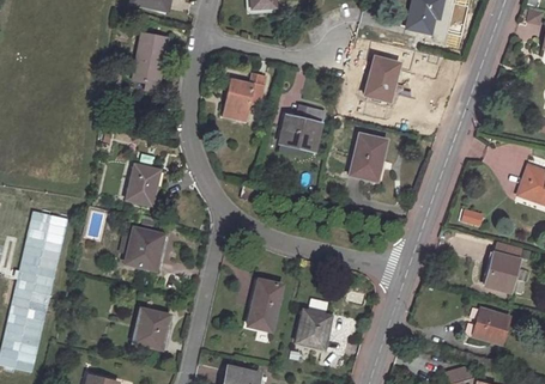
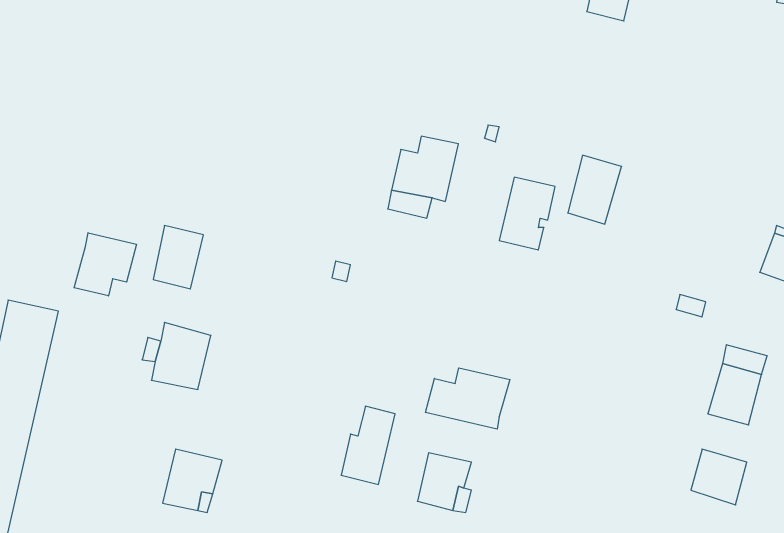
building: [133,32,168,91] -> none
building: [365,56,400,100] -> [568,155,622,224]
building: [222,72,265,121] -> none
building: none -> [74,233,136,296]
building: none -> [425,368,510,429]

